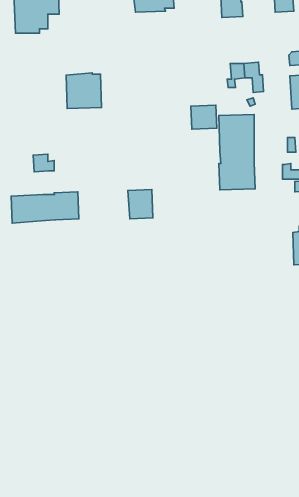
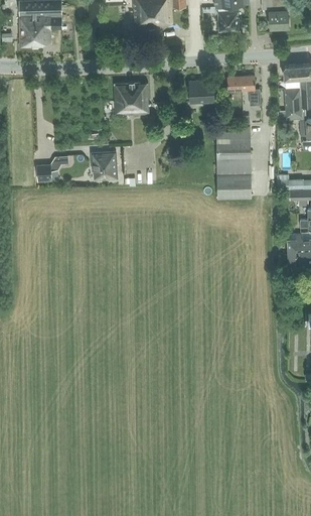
building: [66,73,102,108] -> [115,82,149,116]
building: [191,105,217,129] -> [189,80,214,103]
building: [128,190,153,219] -> [94,151,118,179]
building: [11,192,79,223] -> none

